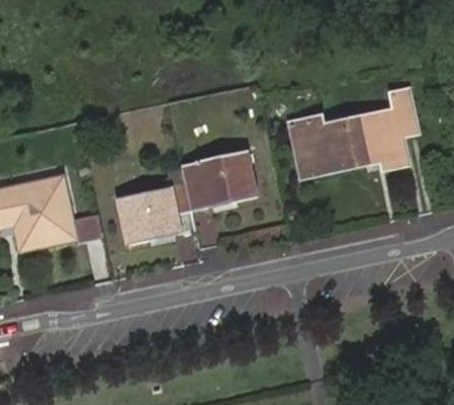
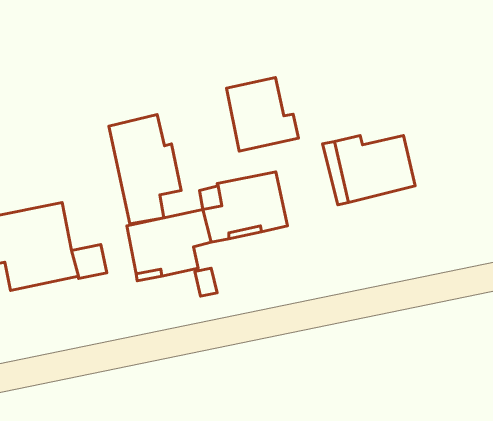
building: none -> [227,78,298,151]
building: [357,89,417,167] -> none
building: none -> [109,115,181,224]

